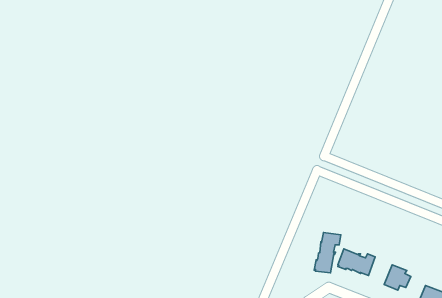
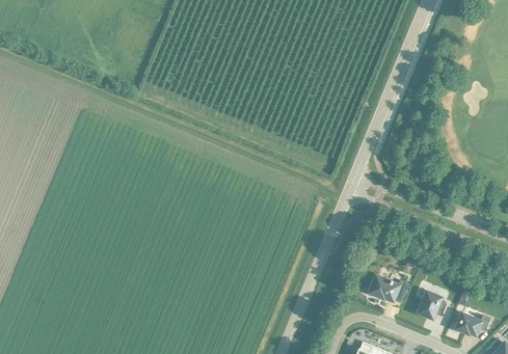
building: [314,232,341,273] -> none

